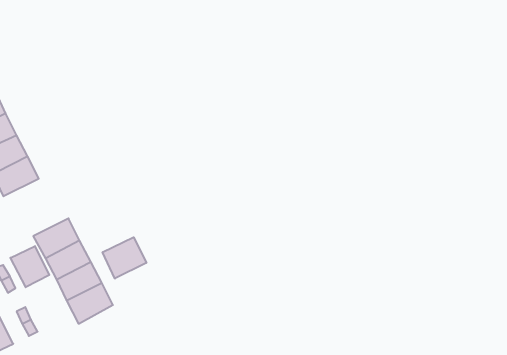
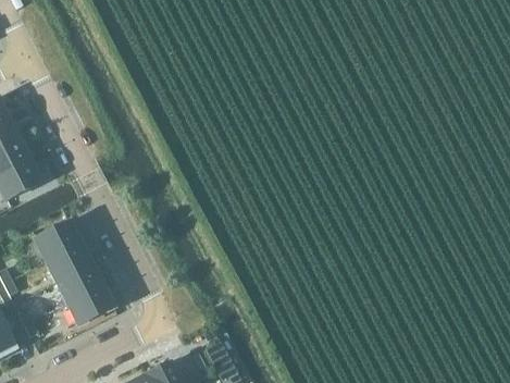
building: [103,237,146,279] -> none
building: [10,246,49,287] -> none

